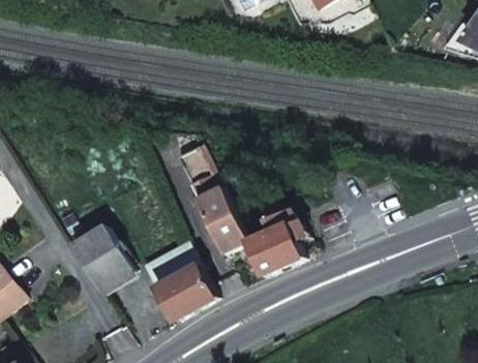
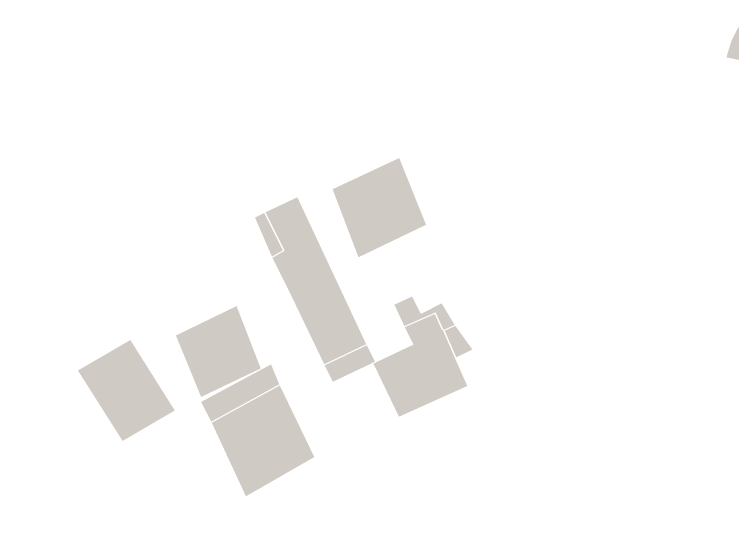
building: none -> [332,157,427,258]
building: none -> [175,305,262,398]

